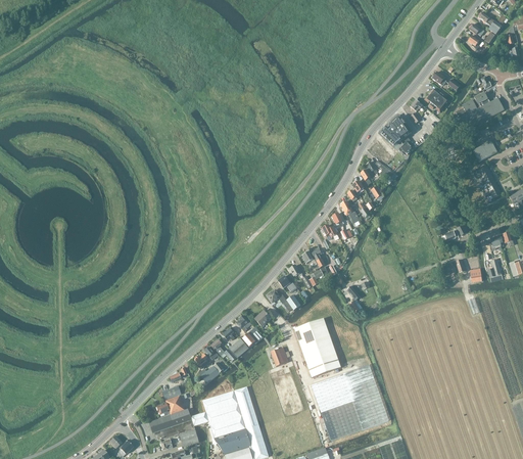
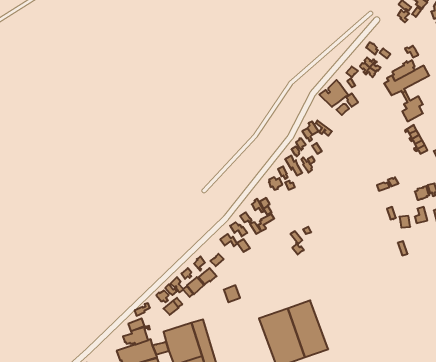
building: [294,318,341,378] -> none

